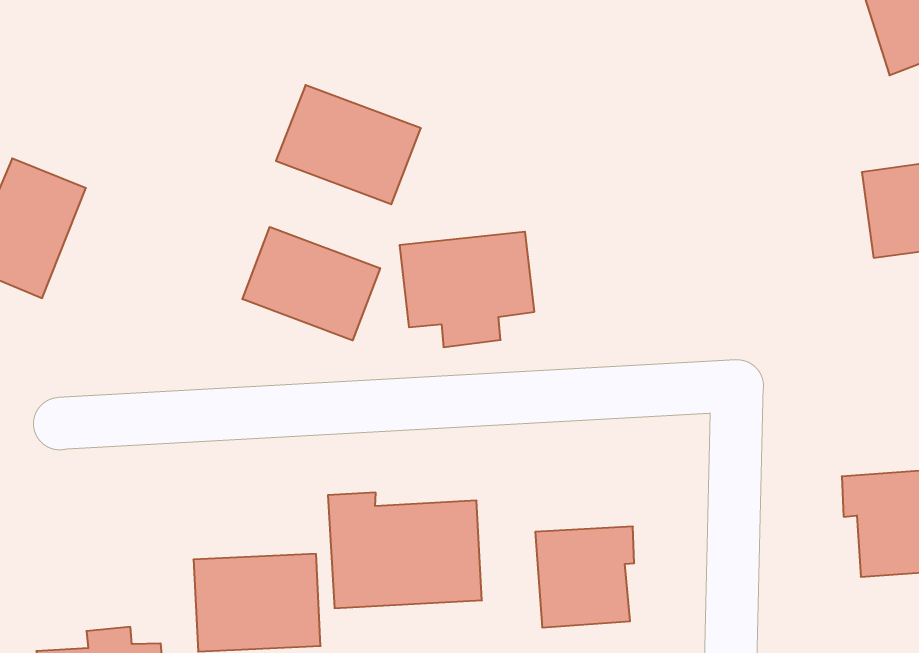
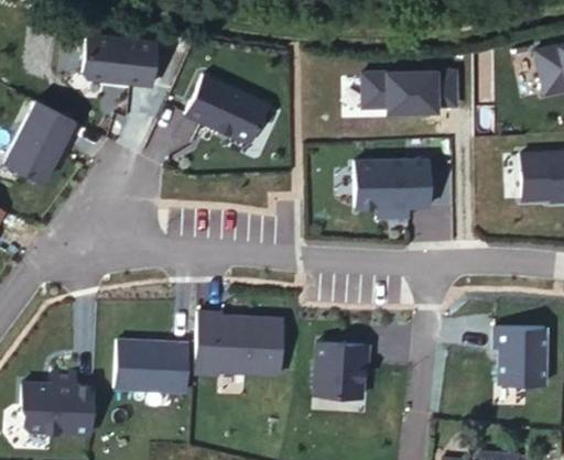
building: none -> [82,31,159,89]
building: none -> [361,69,459,110]
building: [242,227,380,340] -> none
building: [399,232,534,347] -> [357,160,431,221]

